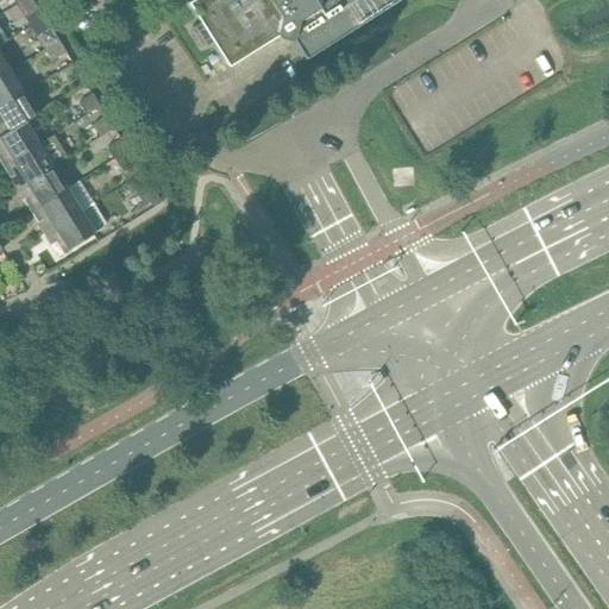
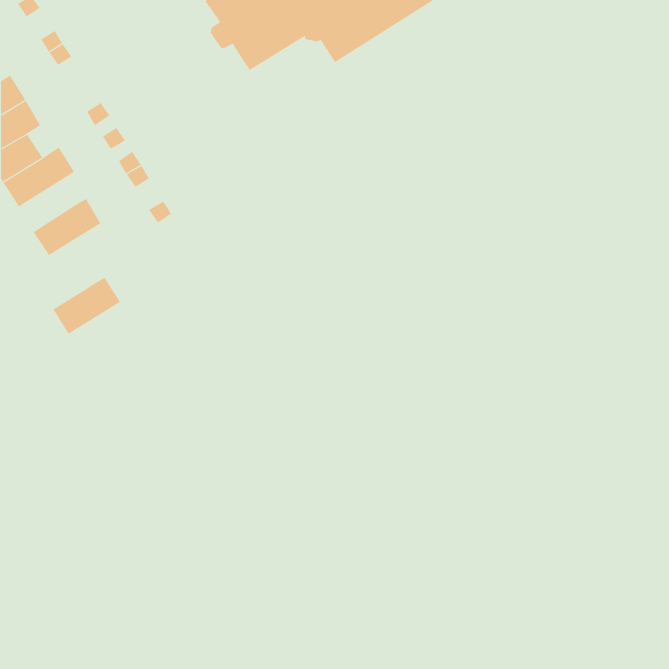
building: [18,165,68,211] -> none
building: [45,202,107,255] -> [52,277,121,335]

